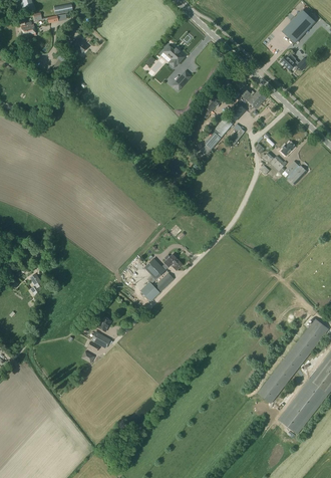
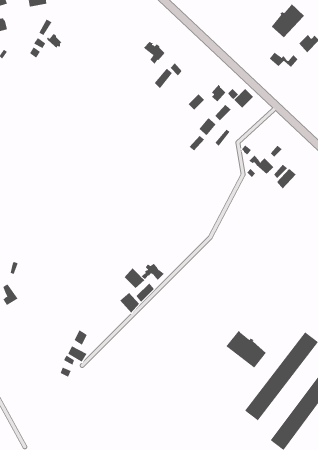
building: none -> [225,329,267,369]

